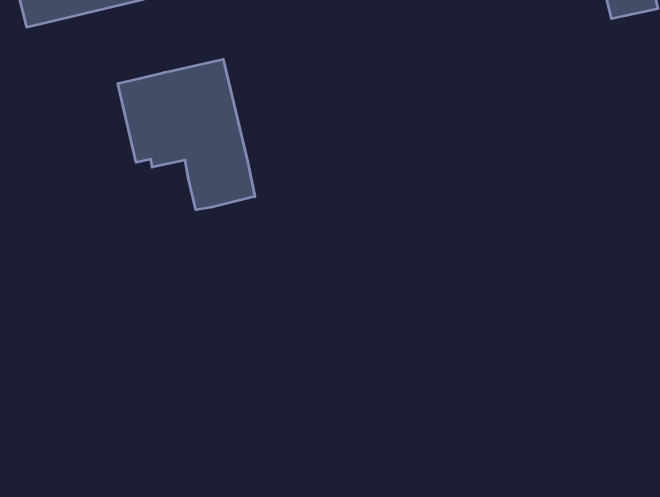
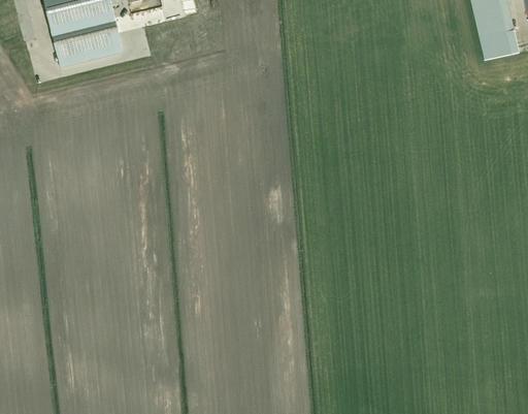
building: [118,59,255,210] -> none

